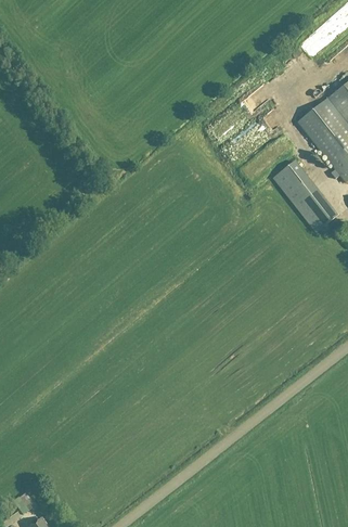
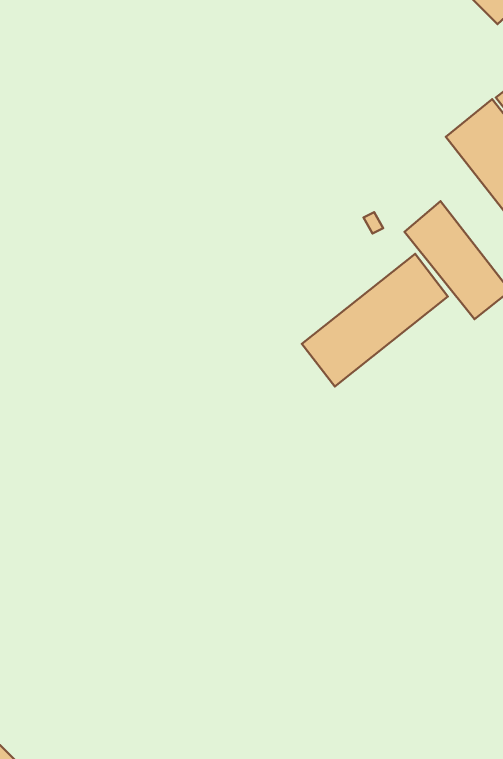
building: none -> [302,254,448,386]

